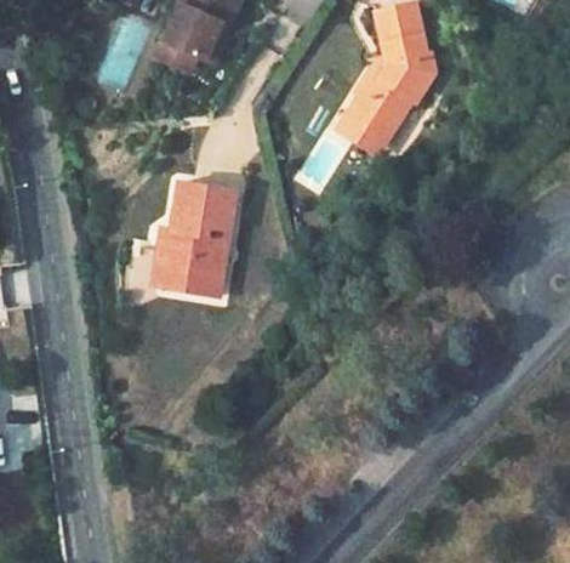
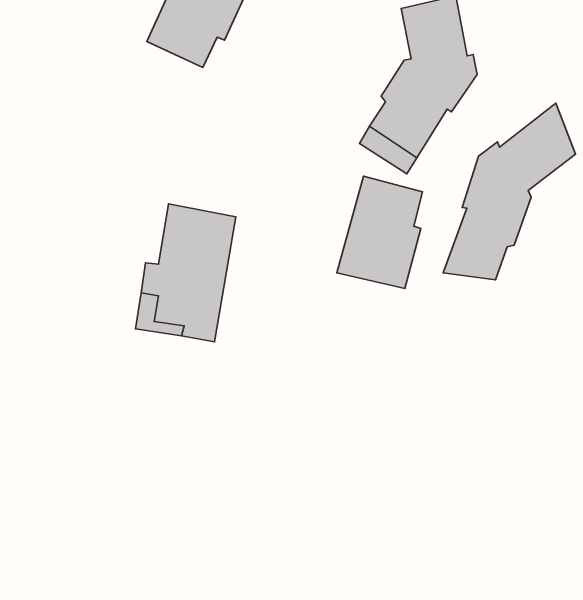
building: none -> [443,103,575,280]
building: none -> [337,176,422,289]

